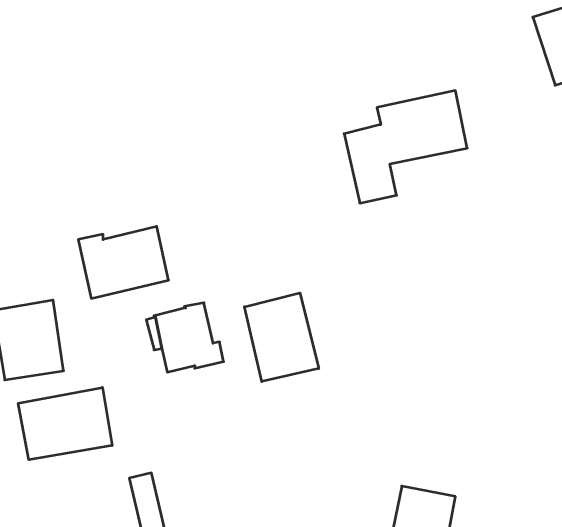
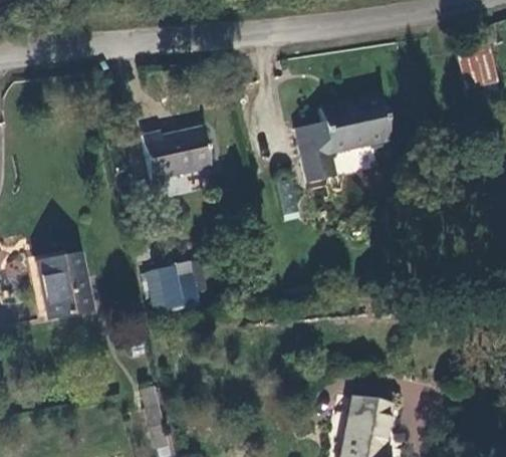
building: [78,226,169,298] -> [144,124,213,179]
building: [244,293,319,382] -> none
building: [18,387,112,460] -> none

